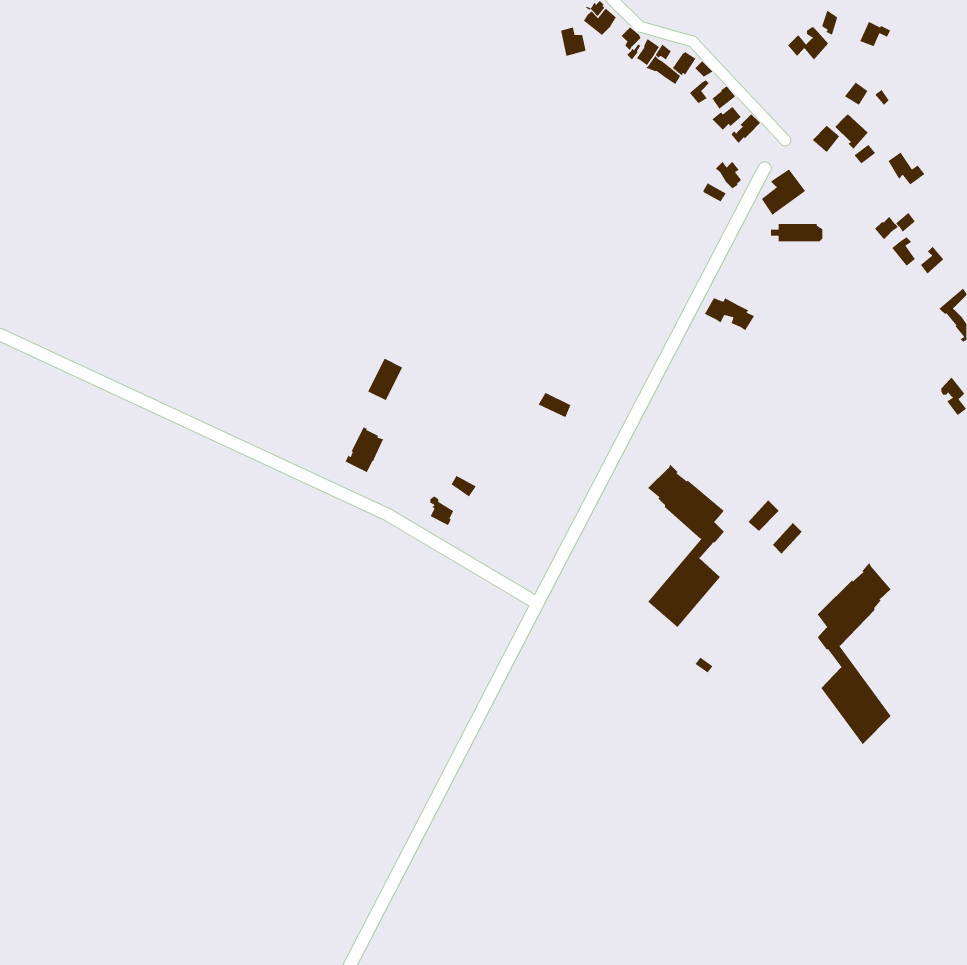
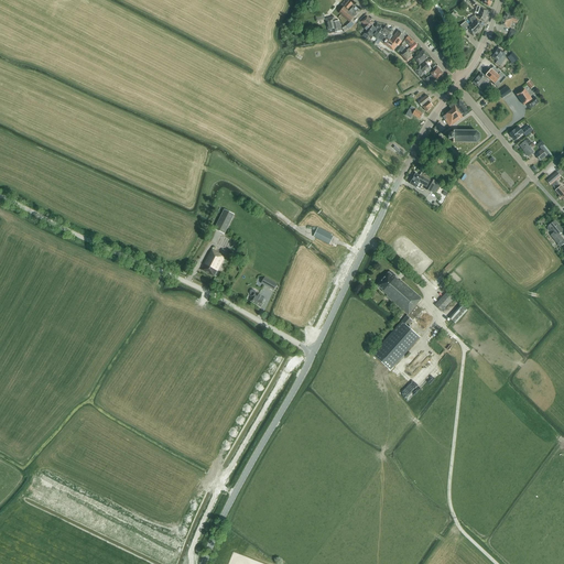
building: [817,562,891,745] -> none

